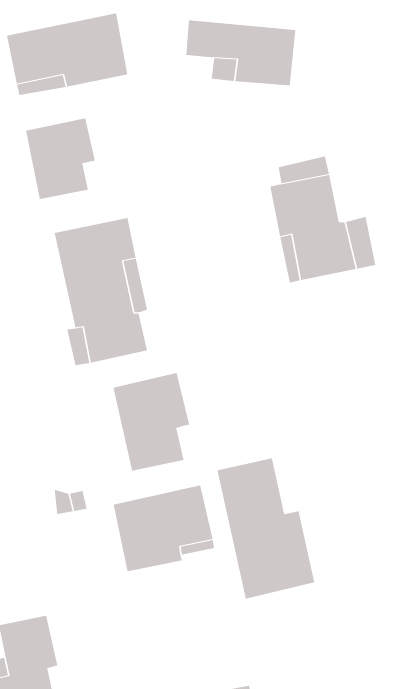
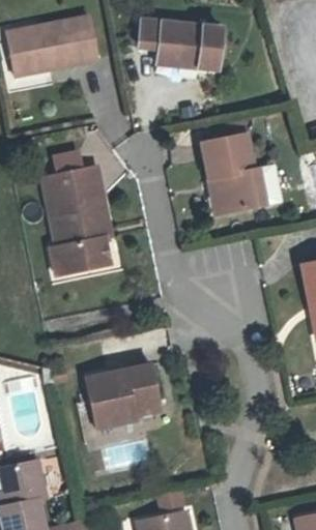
building: [25,117,95,200] -> none
building: [113,372,190,472] -> none
building: [217,457,315,600] -> none

